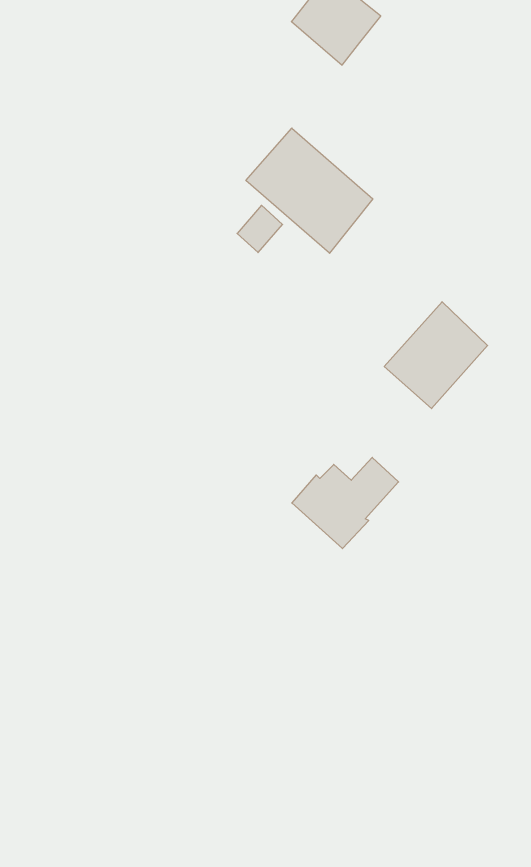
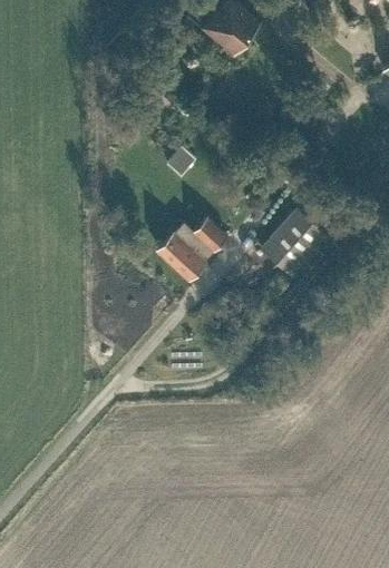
building: [246,128,373,253] -> none
building: [292,457,399,549] -> [157,221,225,278]

